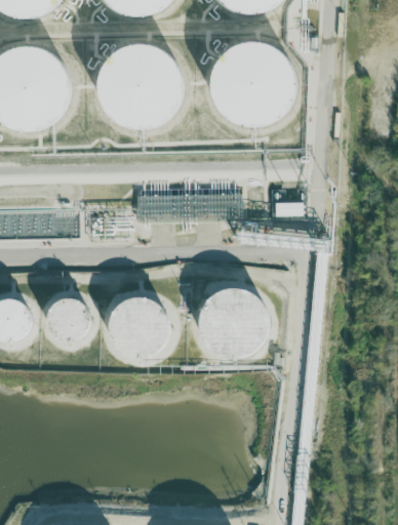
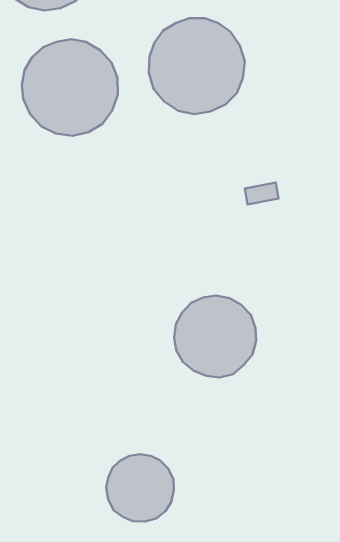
building: [107,296,166,356] -> [106,454,174,522]
building: [47,297,87,337] -> none

